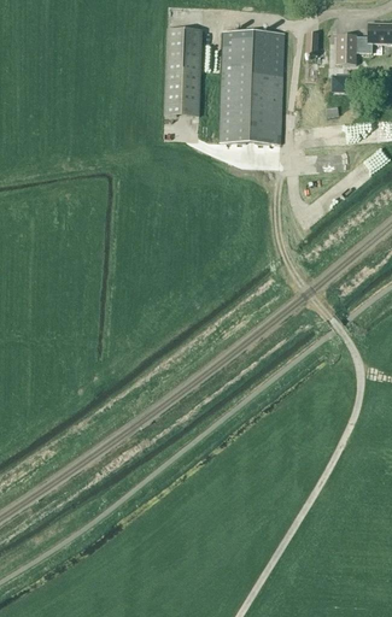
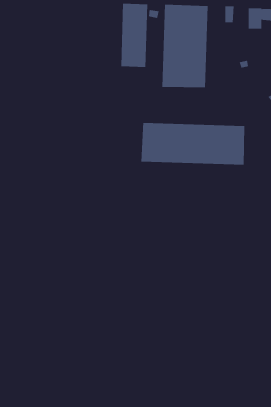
building: none -> [141,122,245,166]

